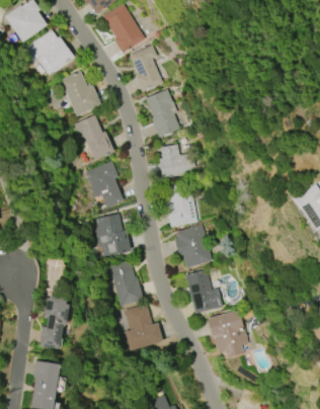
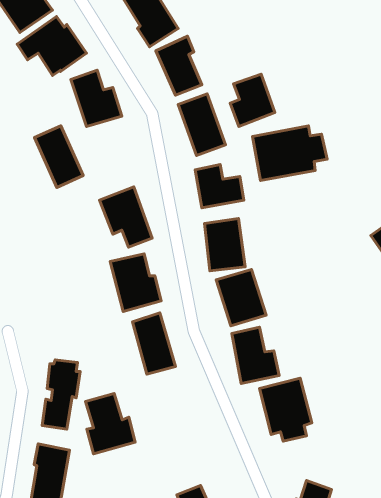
building: none -> [230,74,275,126]
building: [76,114,113,162] -> [35,126,83,187]
building: none -> [252,126,327,180]
building: [124,305,162,351] -> [85,394,135,454]

